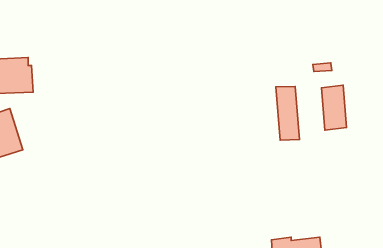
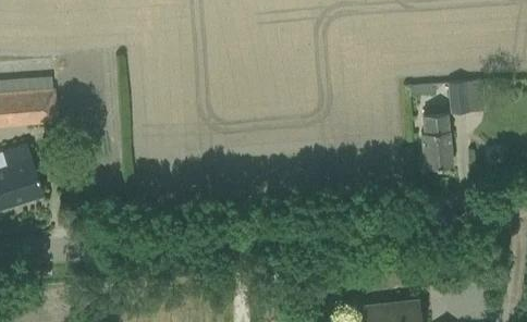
building: none -> [448,81,485,114]
building: [276,86,300,140] -> none

